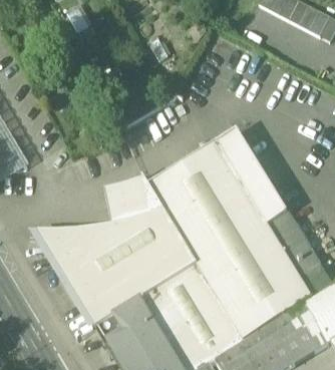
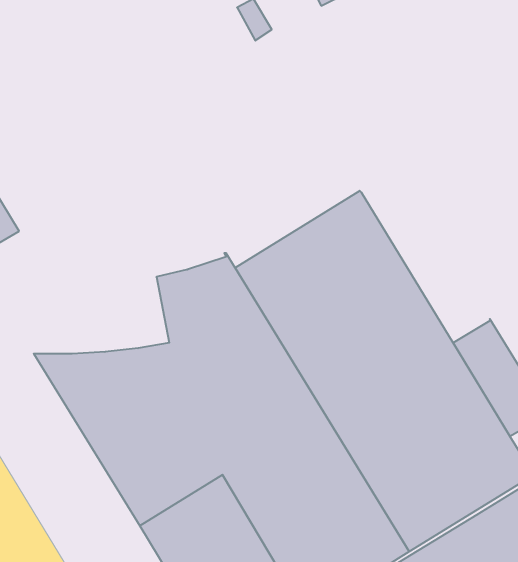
building: [219,129,289,225] -> none

